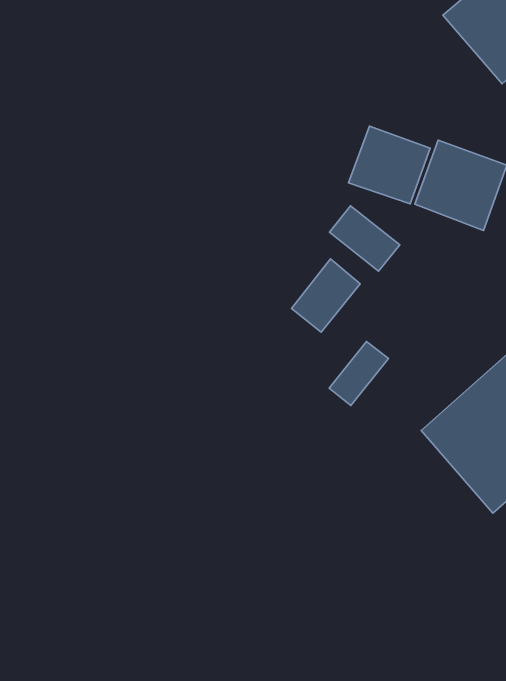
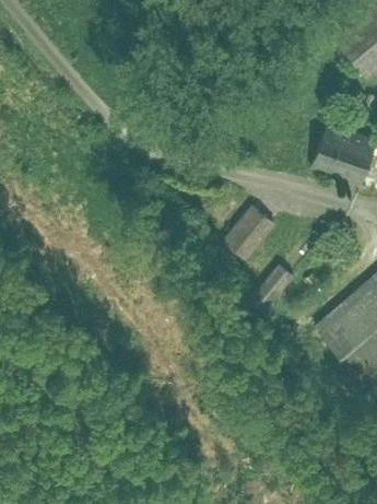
building: [349,126,430,204] -> none
building: [330,206,400,271] -> none

